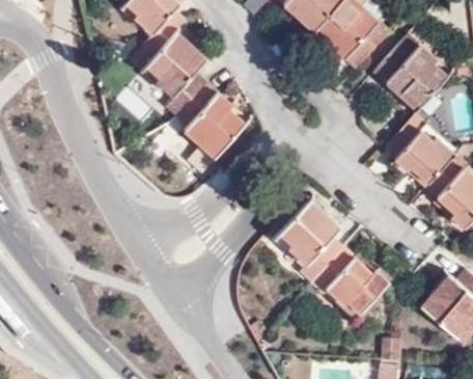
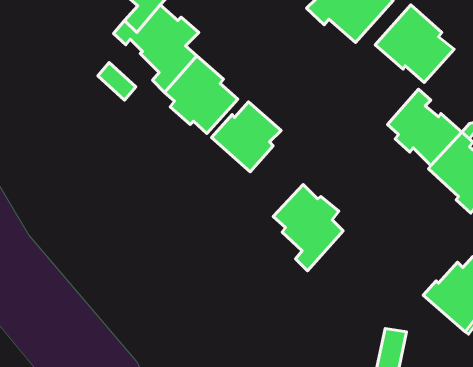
building: none -> [211,102,281,172]
building: [311,247,390,315] -> none

